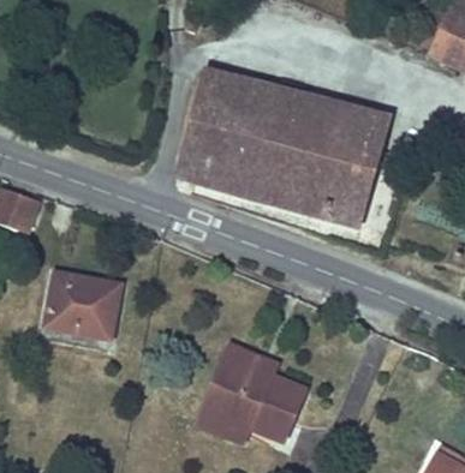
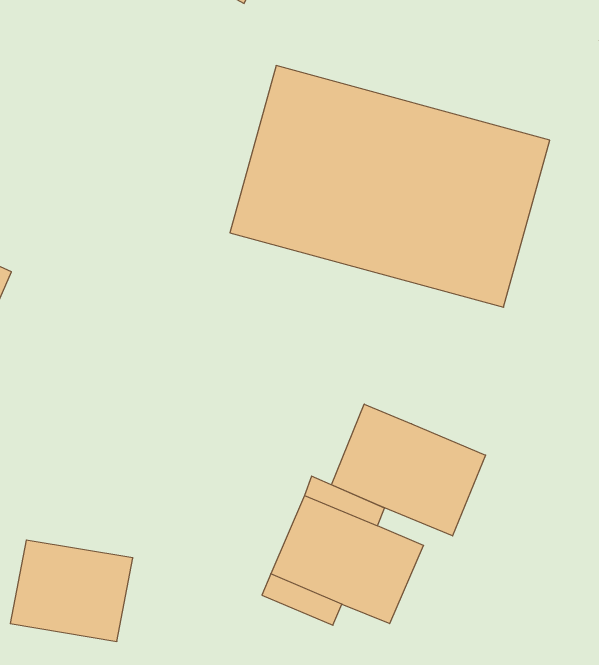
building: [41,271,124,340] -> [10,540,133,641]
building: none -> [331,404,486,536]

